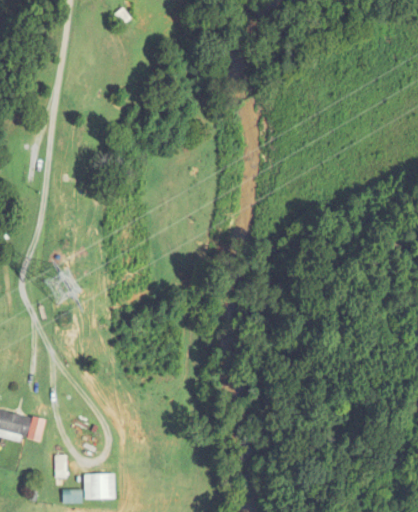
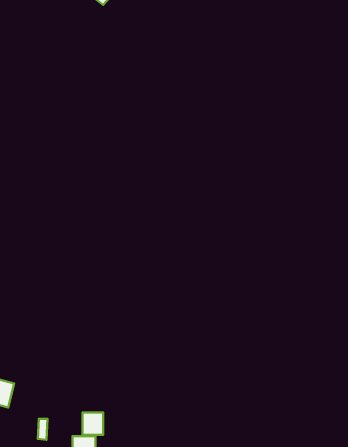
building: none -> [82,413,103,435]

